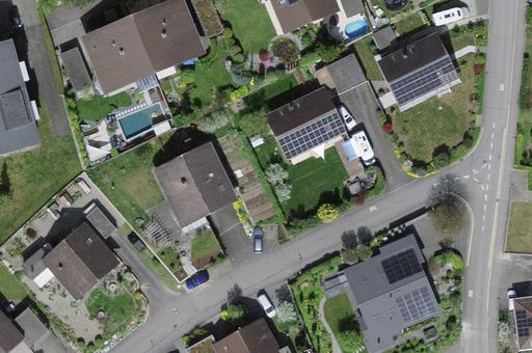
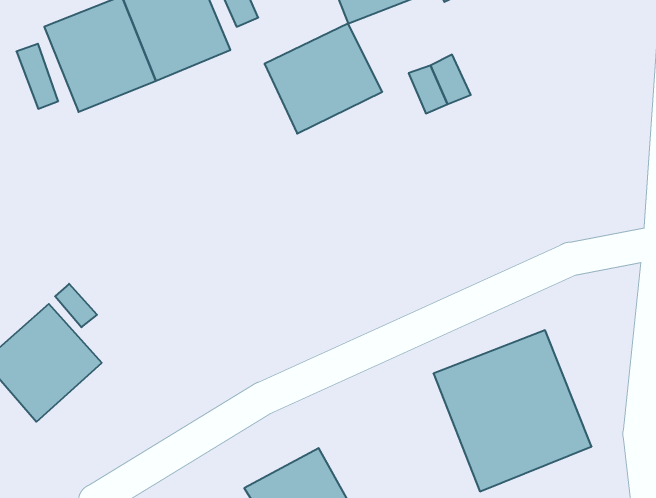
building: [377,33,459,106] -> none
building: [265,84,344,158] -> [264,24,382,134]
building: [153,142,236,227] -> none

